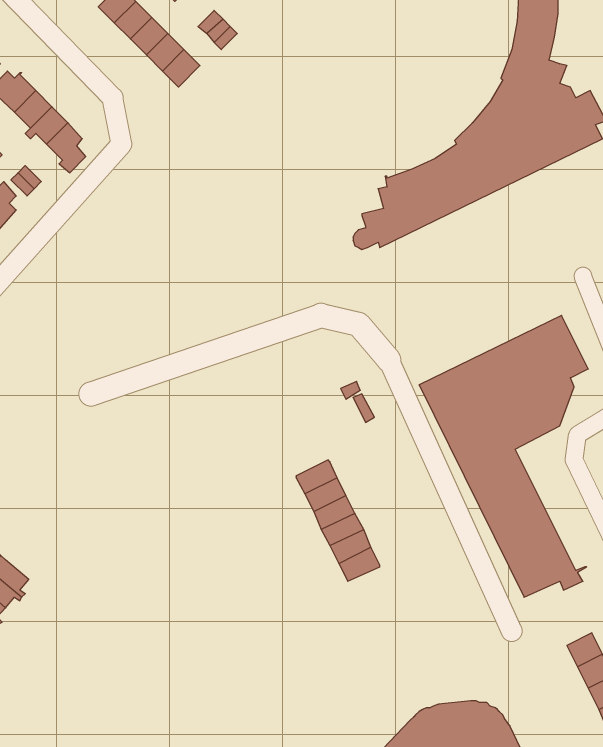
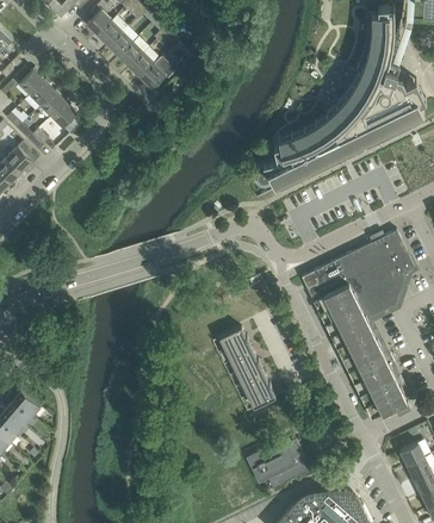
building: none -> [141,57,176,89]
building: none -> [247,440,312,490]

